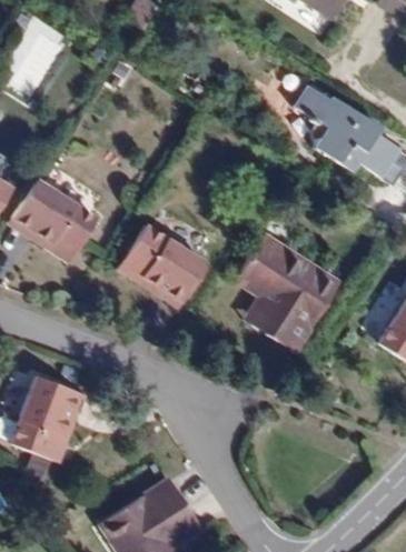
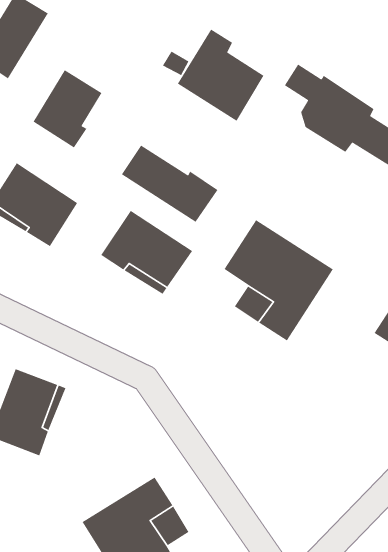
building: none -> [177,29,264,122]
building: none -> [32,69,102,148]
building: none -> [121,144,219,223]

